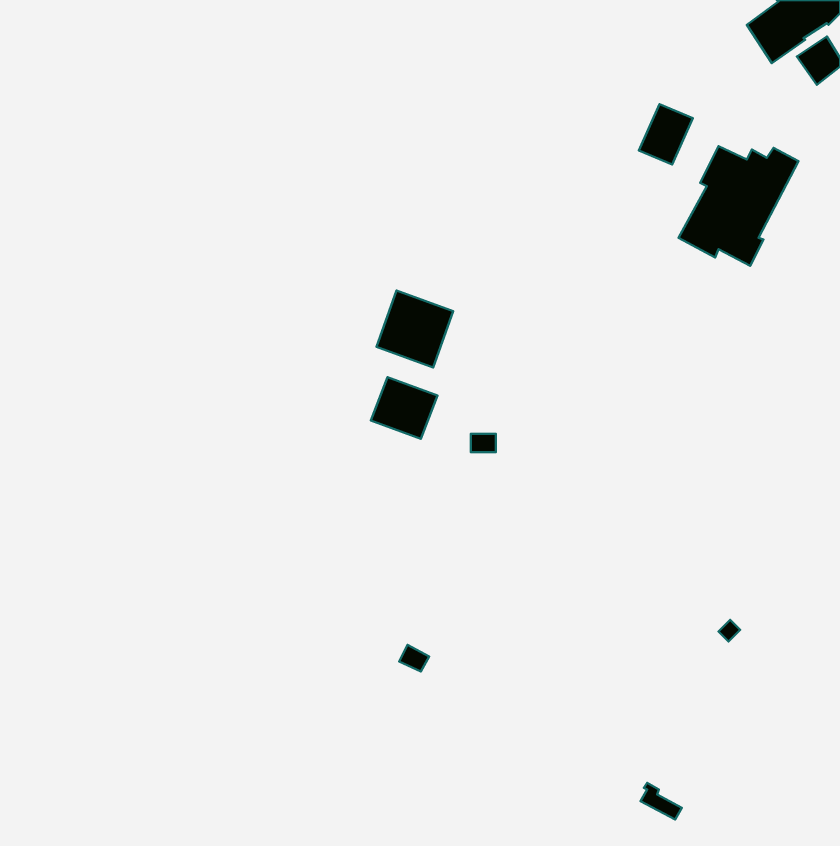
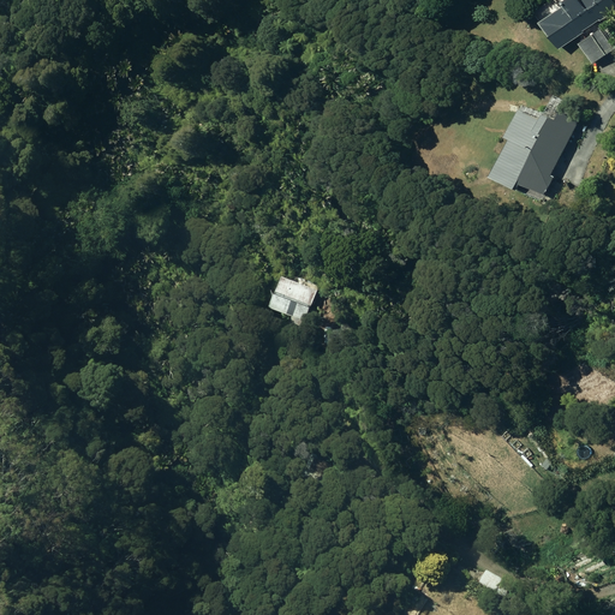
building: [639,104,693,165] -> none
building: [377,290,453,368] -> none

